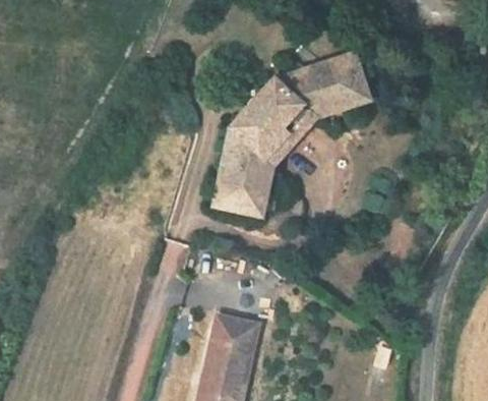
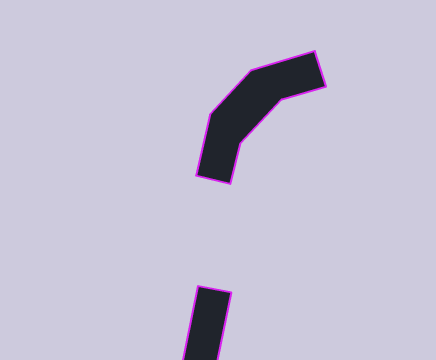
building: [213,54,371,215] -> none

